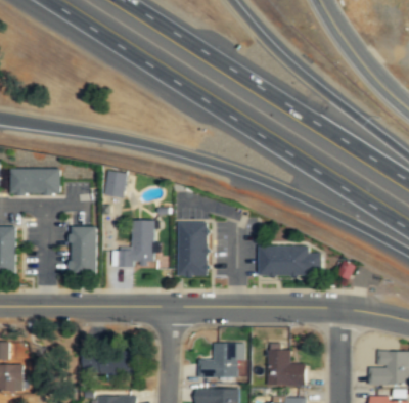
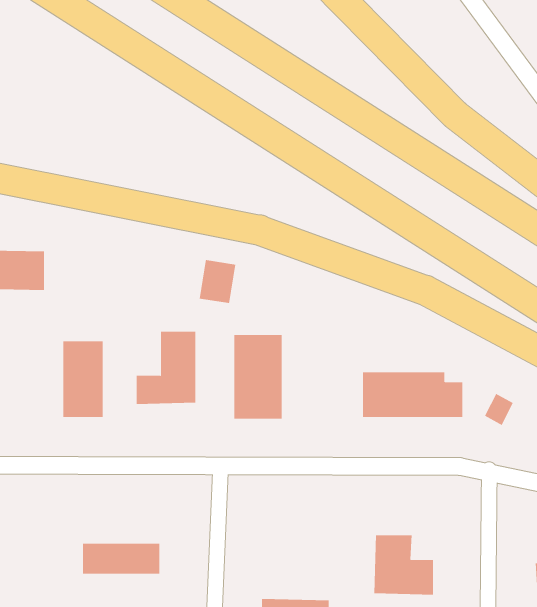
building: [102,170,126,197] -> [199,260,236,304]
building: [197,343,243,377] -> none

